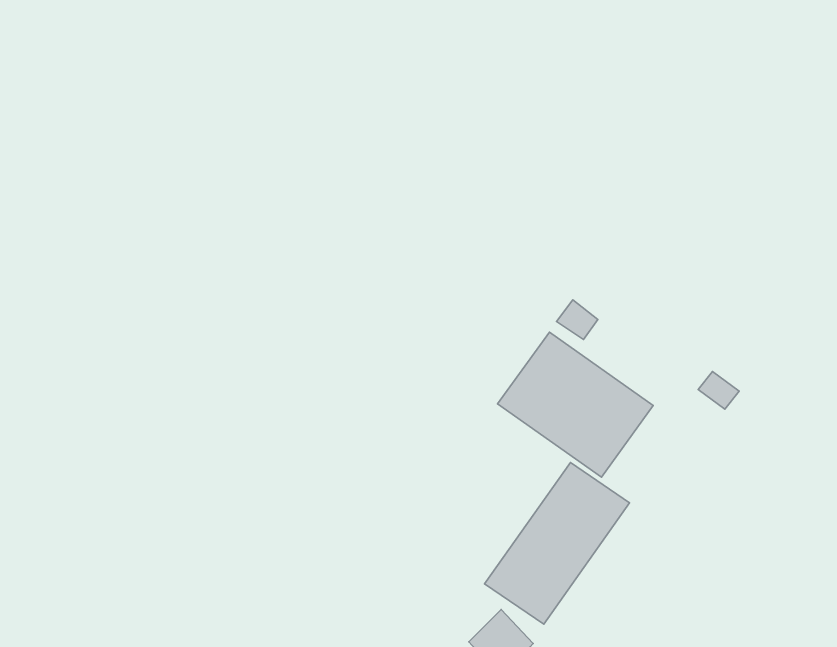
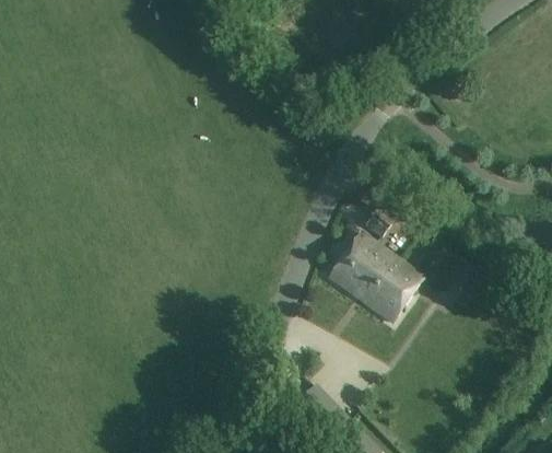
building: [485,462,630,624] -> none

